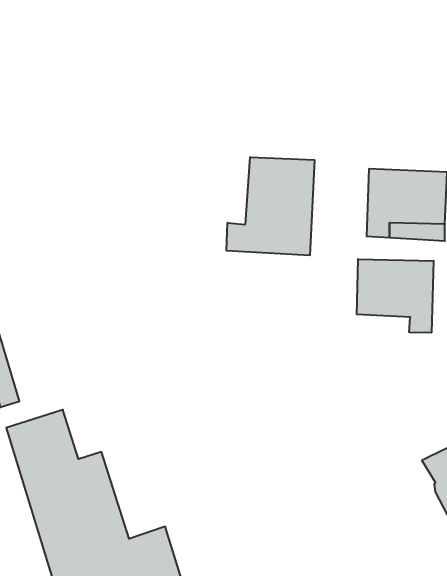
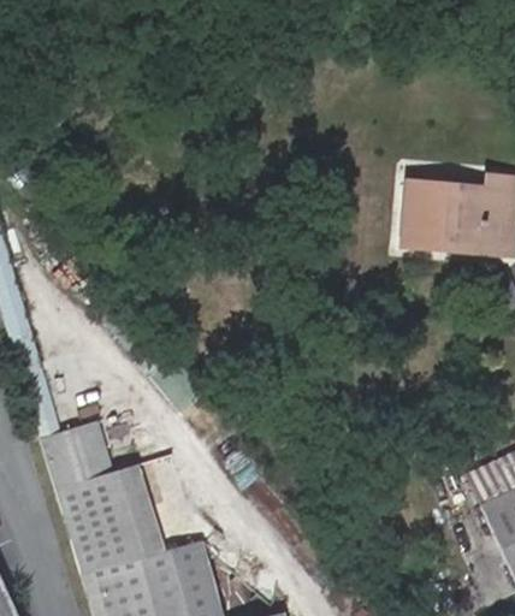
building: [227,157,314,255] -> none
building: [357,259,434,333] -> none

